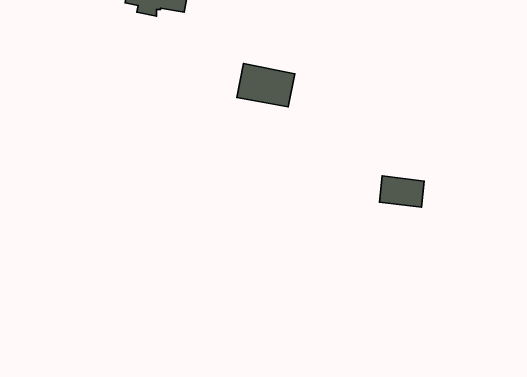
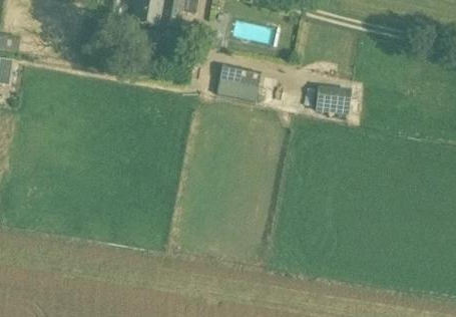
building: [379,176,424,207] -> [317,87,351,111]

